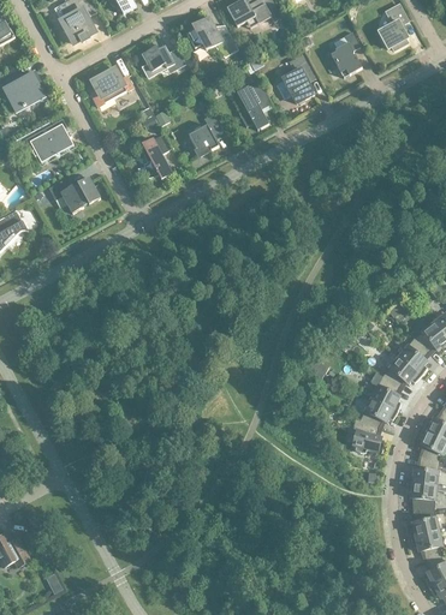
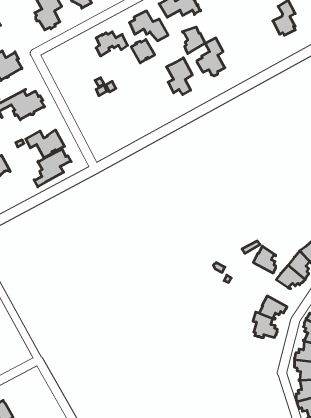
building: [329,31,362,77] -> none
building: none -> [182,27,205,54]
building: [90,70,132,106] -> none
building: [188,124,219,155] -> [131,39,155,63]
building: [141,135,172,180] -> none
building: none -> [34,149,71,187]
building: [370,375,400,411] -> [253,246,276,273]

